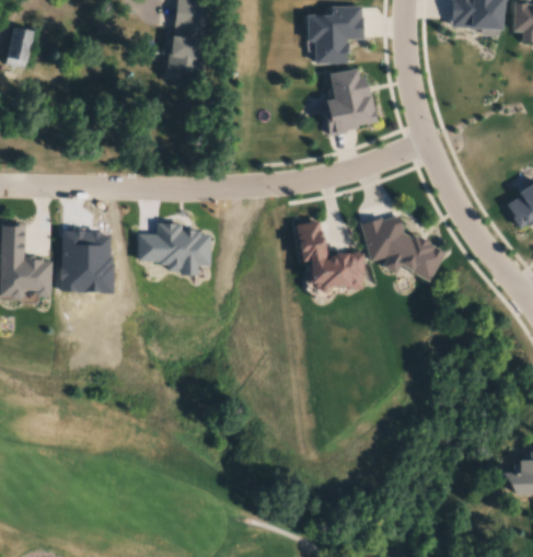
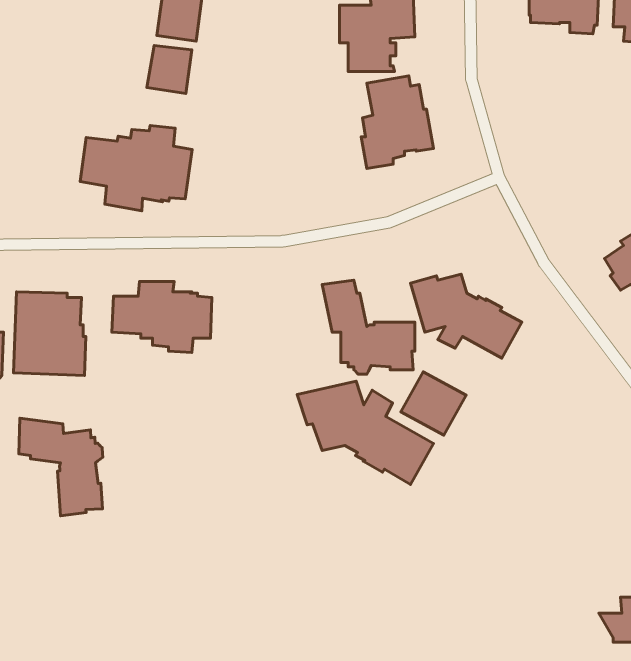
building: none -> [80,126,192,211]
building: none -> [401,372,466,435]
building: none -> [297,381,434,484]
building: none -> [19,418,103,516]

